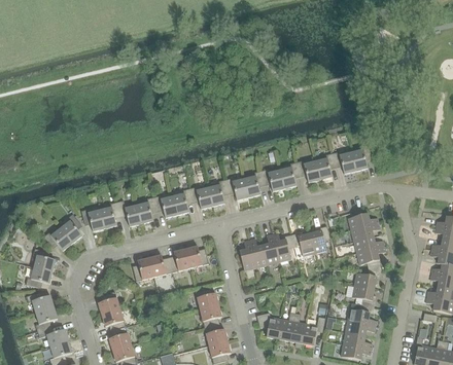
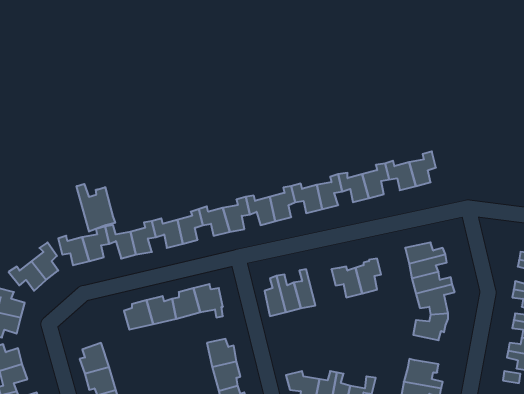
building: none -> [77,184,115,232]
building: [272,231,294,261] -> none
building: [352,284,376,306] -> none

